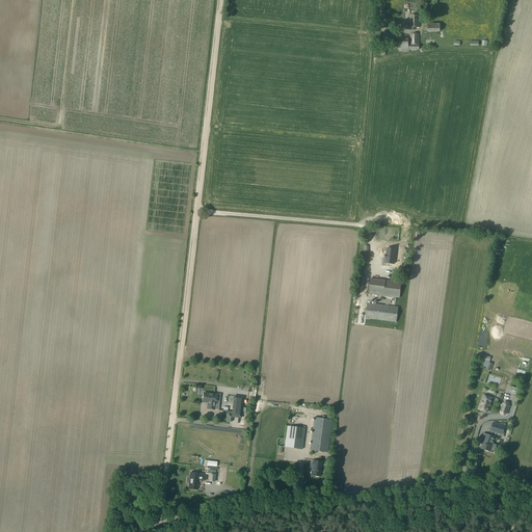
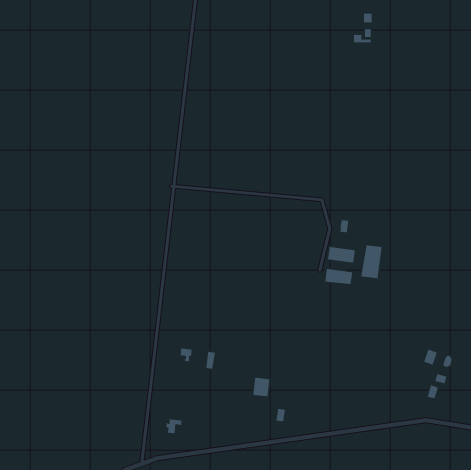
building: none -> [360,244,382,279]
building: [310,417,332,452] -> none

